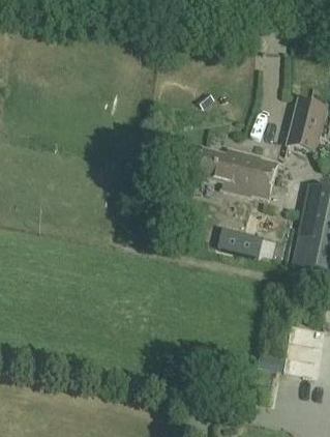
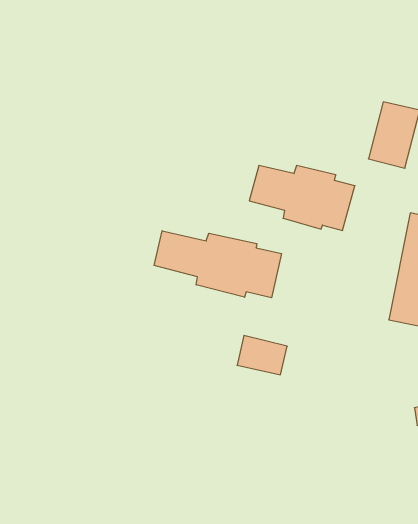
building: none -> [154,231,281,298]
building: [222,224,261,254] -> [237,335,287,375]

